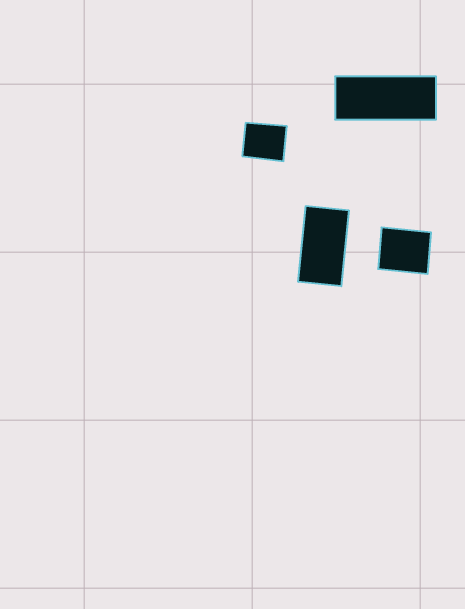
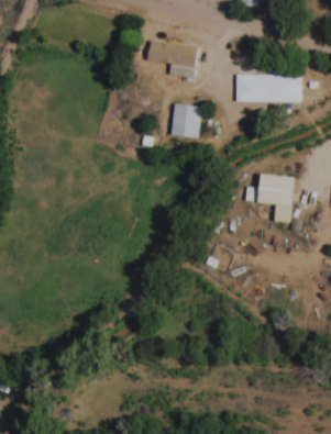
building: none -> [147,42,197,70]
building: [298,206,349,286] -> none

